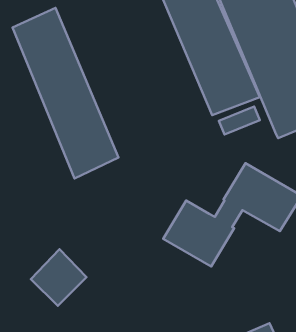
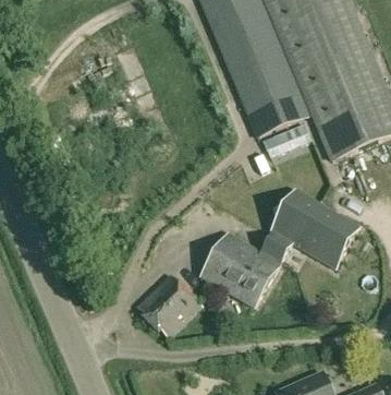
building: [13,8,119,179] -> none
building: [31,249,86,306] -> [137,272,200,336]

